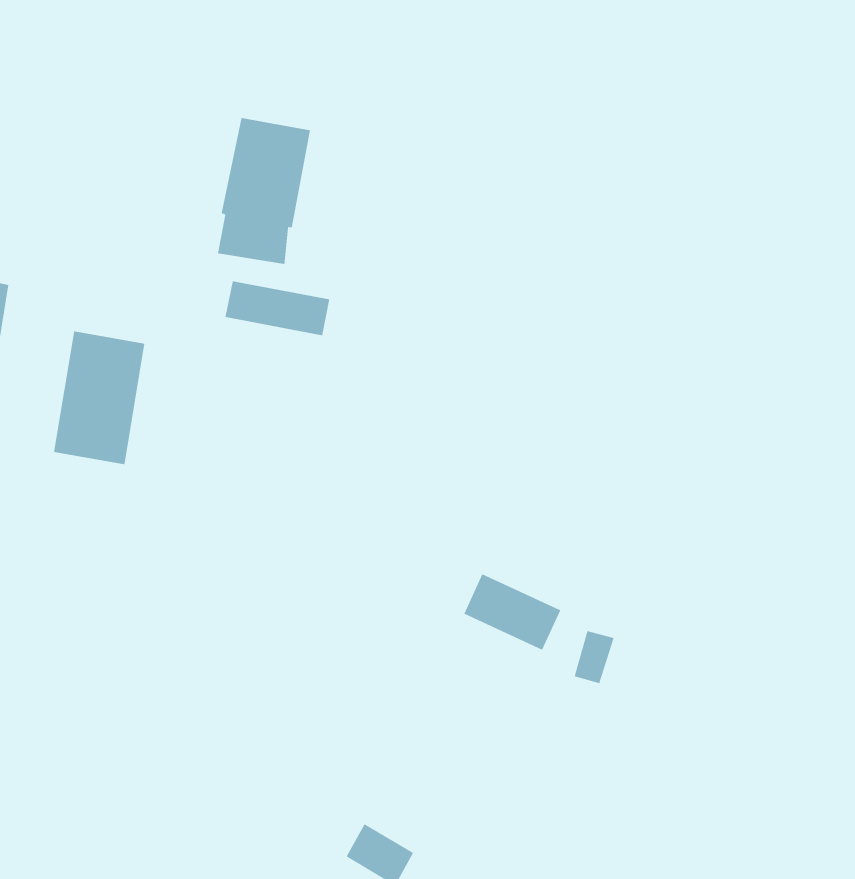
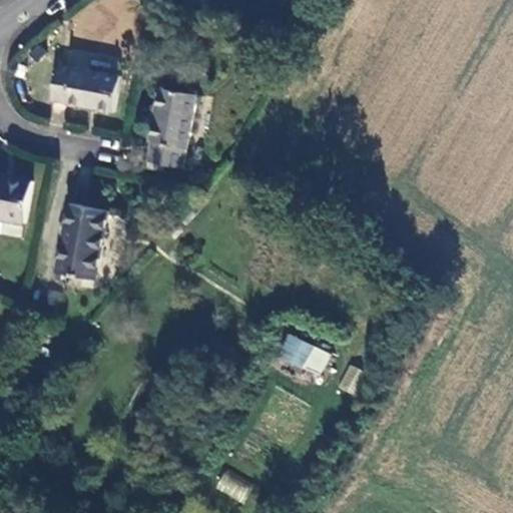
building: none -> [54,61,120,109]
building: [225,280,330,336] -> none

